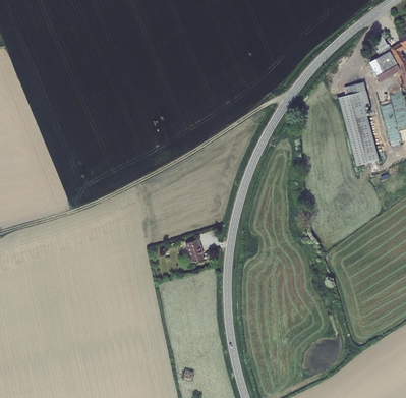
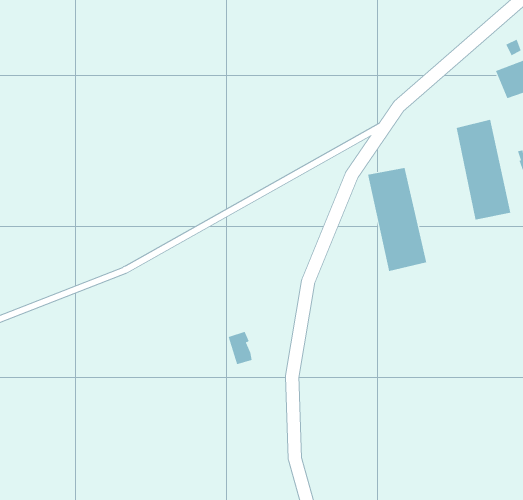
building: none -> [367,167,427,272]

